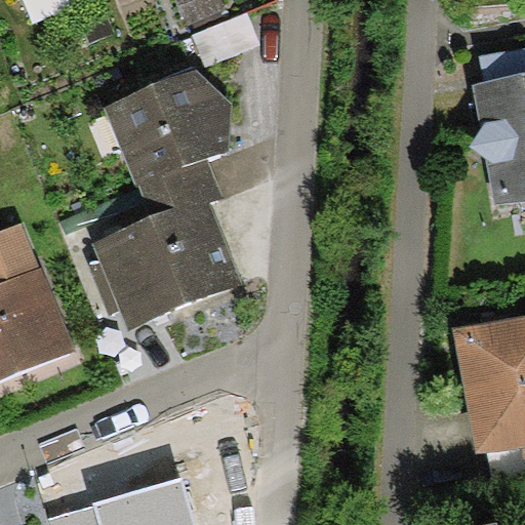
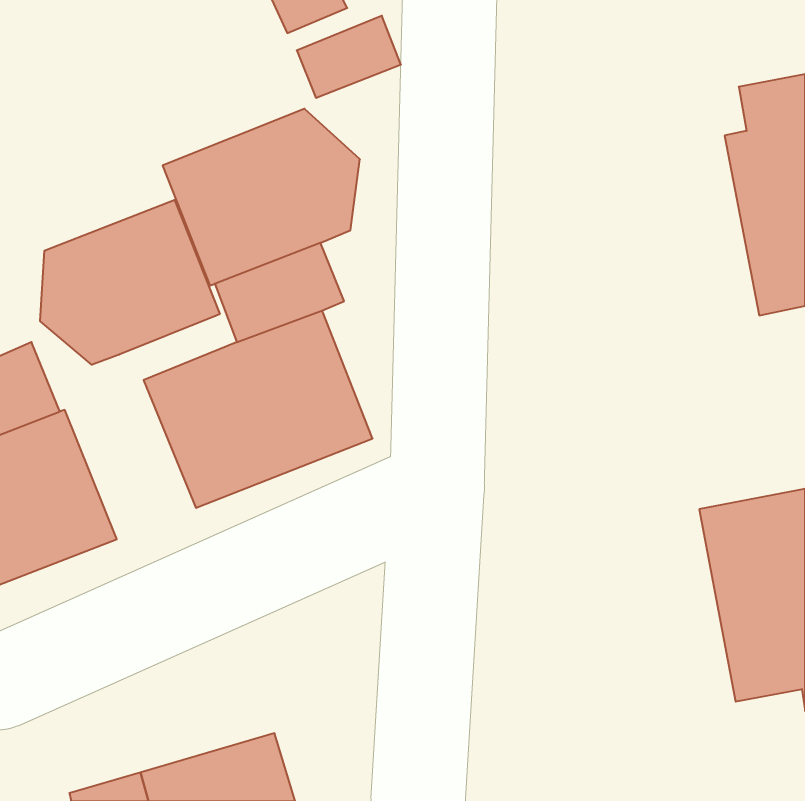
building: none -> [40,200,220,365]

